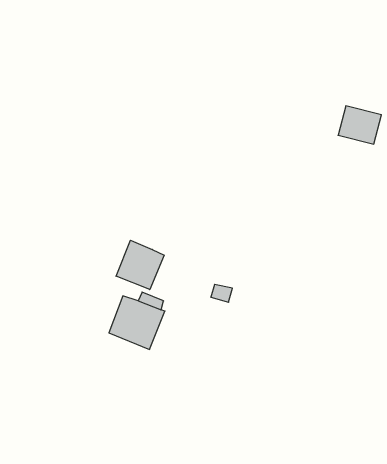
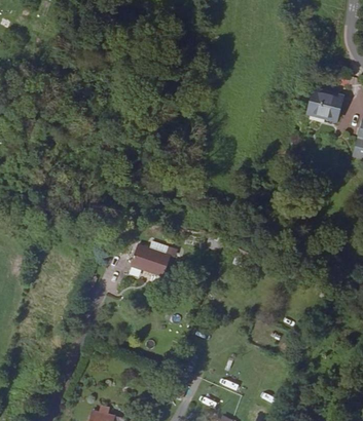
building: [116,240,164,290] -> none

